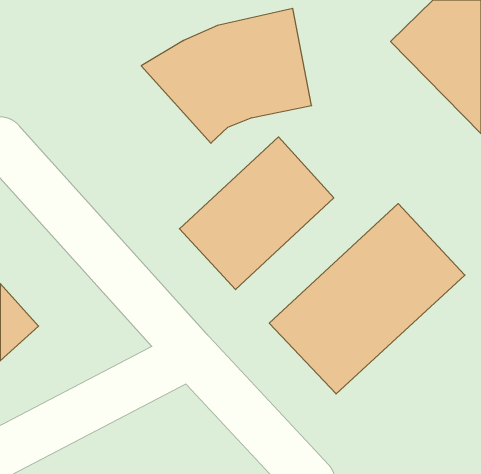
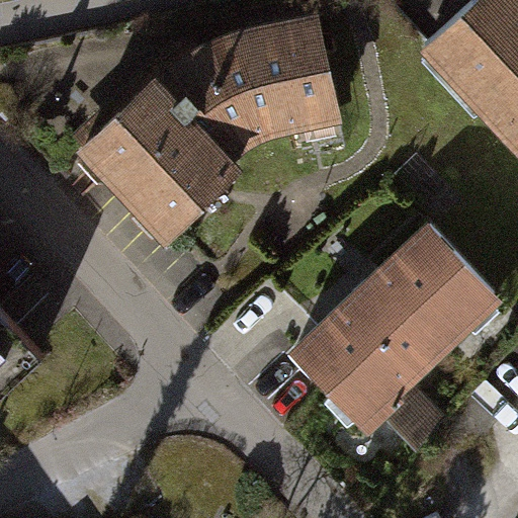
building: none -> [81,79,239,238]
building: [179,137,334,290] -> none

